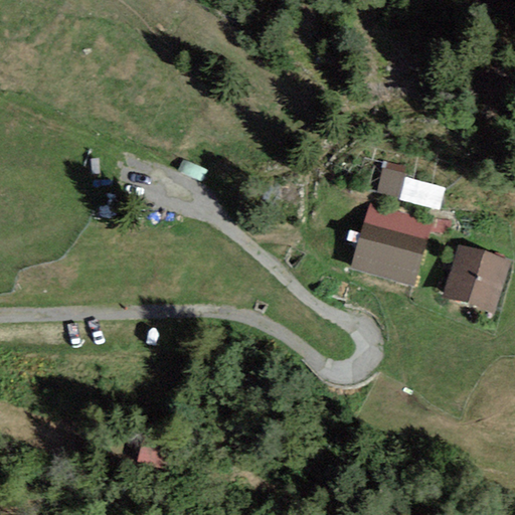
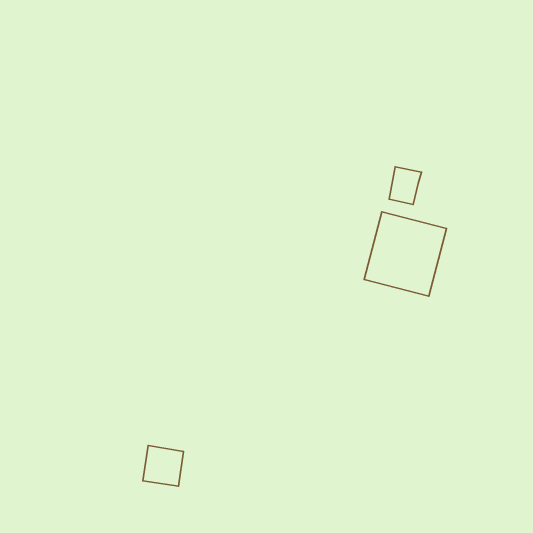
building: [398,177,445,210] -> none
building: [443,245,509,312] -> none

